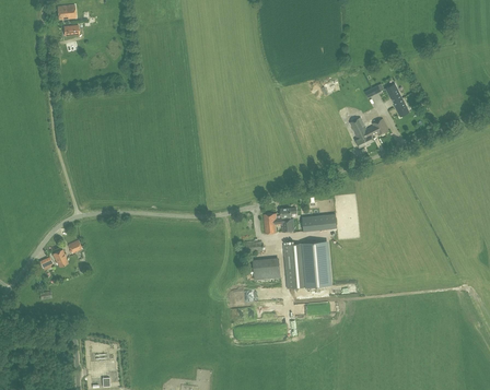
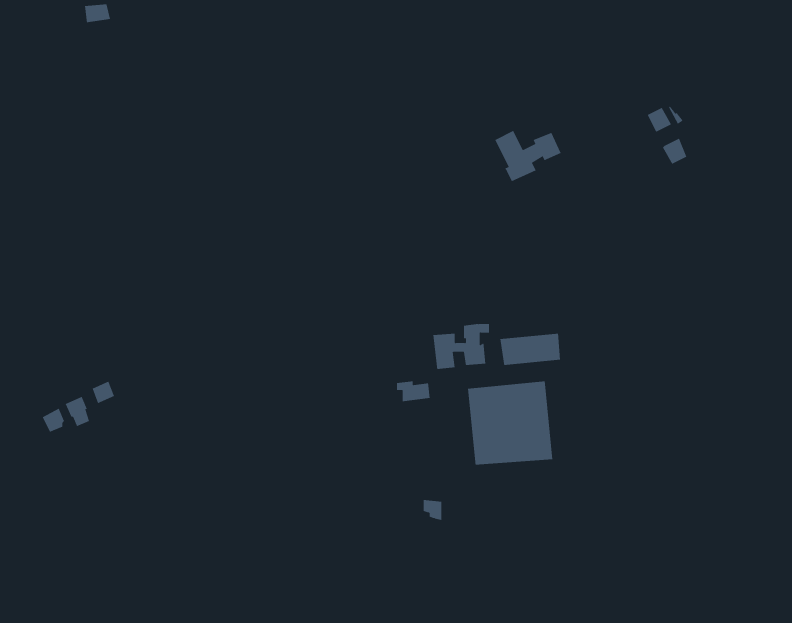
building: [349,118,387,147] -> [494,130,561,182]
building: [252,258,280,280] -> none

